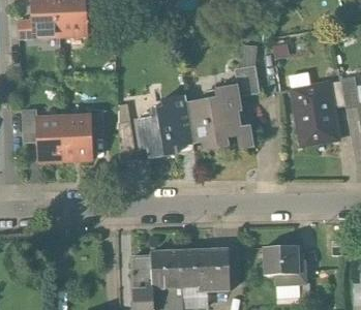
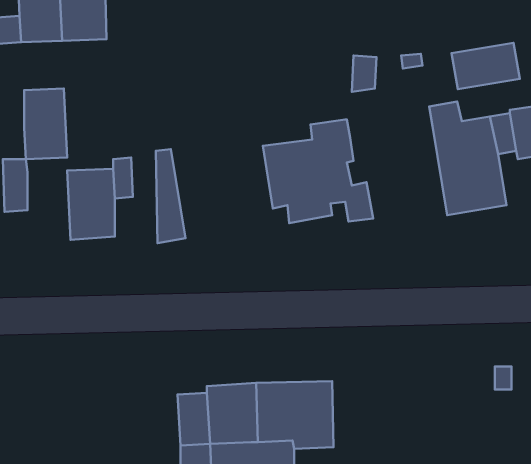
building: none -> [451,43,520,89]
building: [234,65,260,96] -> none
building: [134,95,192,158] -> none
building: [37,117,64,161] -> [24,88,67,159]
building: [263,245,305,284] -> none

